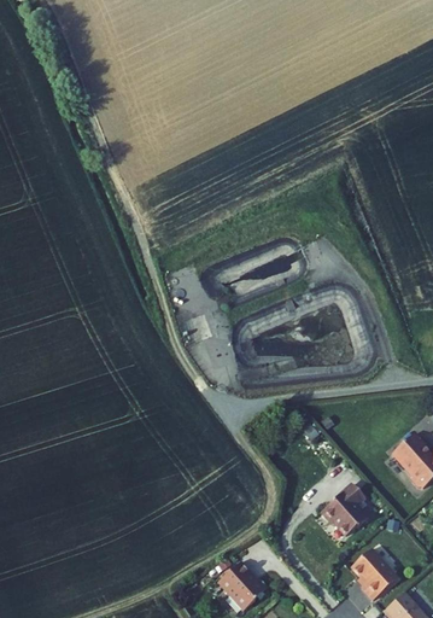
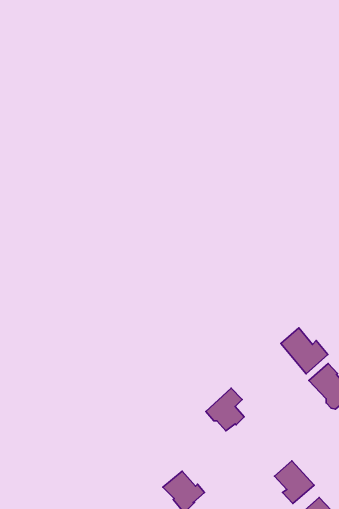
building: none -> [281,328,328,374]
building: [321,484,367,535] -> [206,388,244,431]

